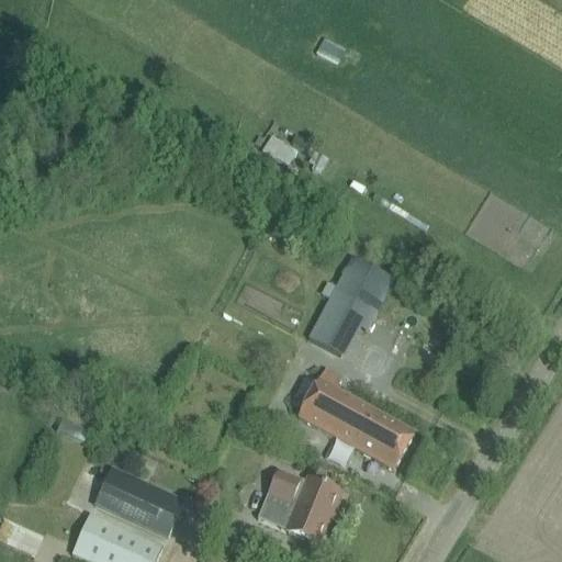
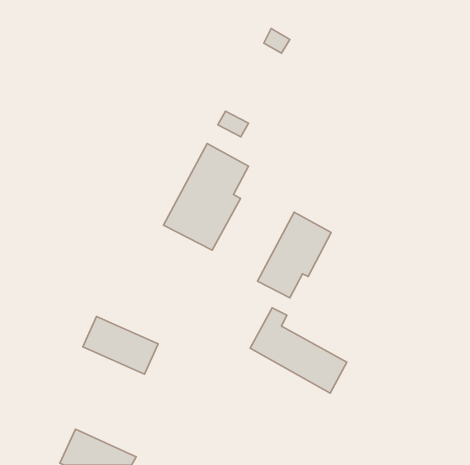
building: none -> [164,143,248,250]
building: [94,465,184,535] -> [83,316,158,374]
building: [263,468,342,541] -> none

